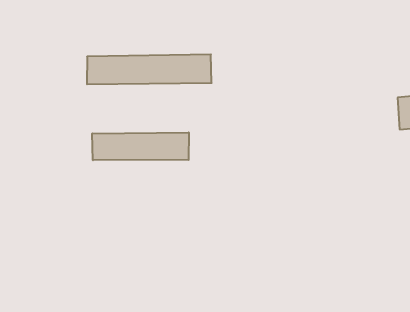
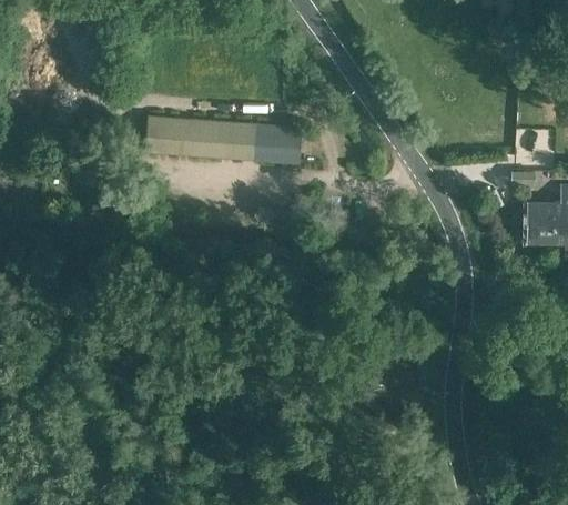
building: [92,132,189,160] -> none

